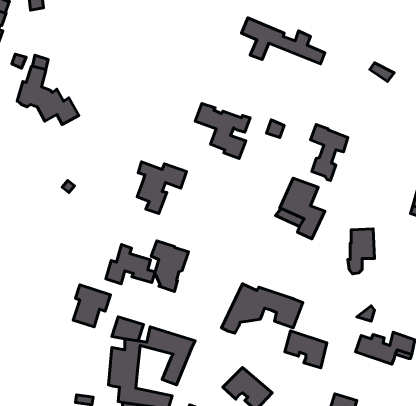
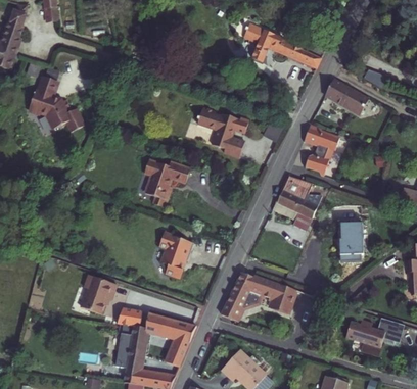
building: none -> [324,81,367,115]
building: [106,244,155,284] -> none
building: [285,331,327,368] -> none

